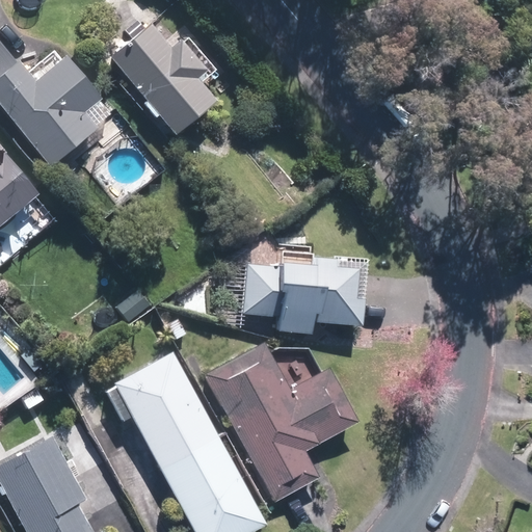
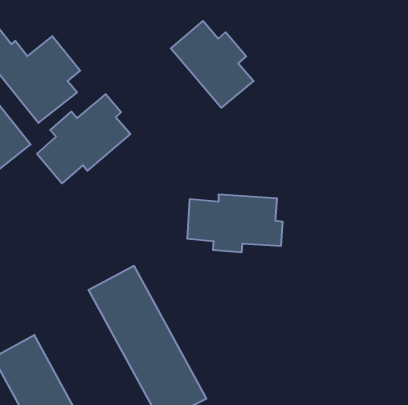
building: [109,22,216,134] -> [171,21,254,108]
building: none -> [37,94,130,183]
building: [203,343,358,505] -> none

